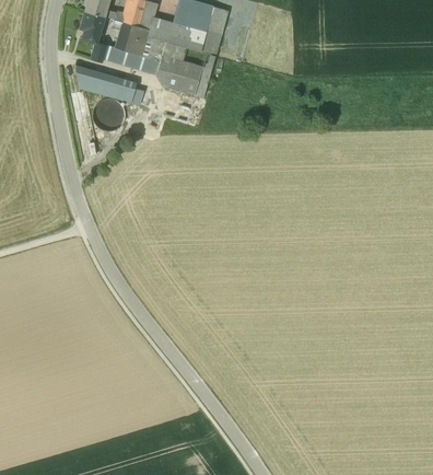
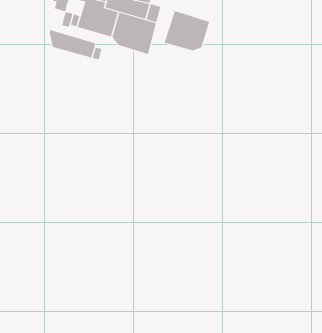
building: none -> [164,10,210,51]
building: [94,100,125,129] -> none

